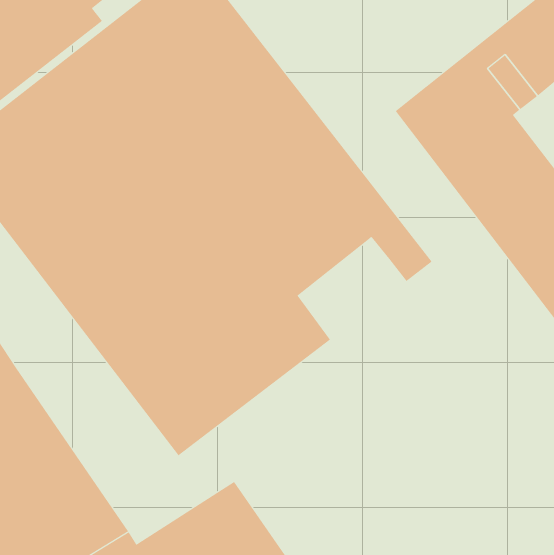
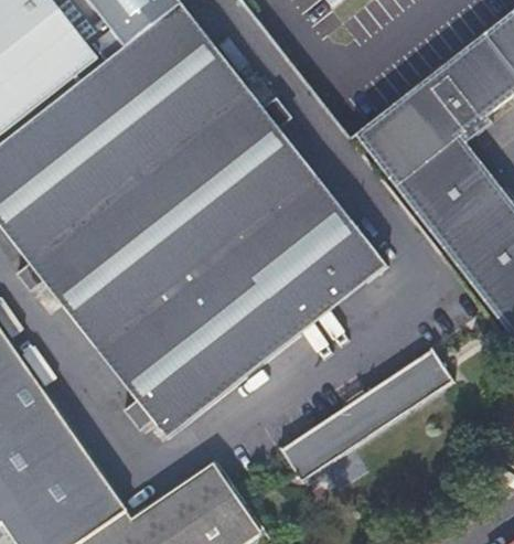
building: none -> [270,247,365,337]
building: none -> [279,346,456,483]

